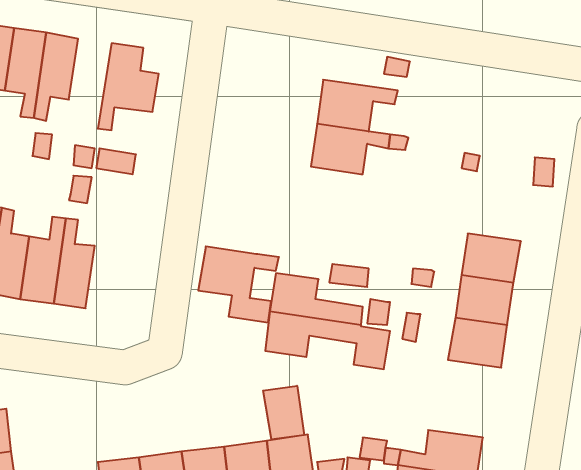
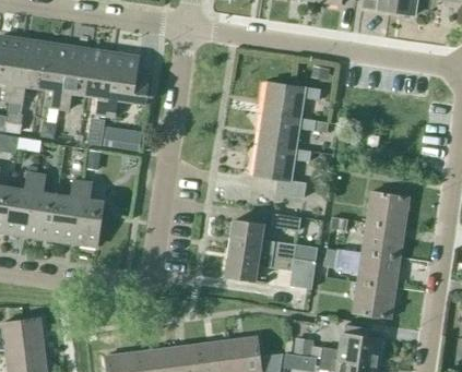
building: none -> [85,51,116,116]
building: [198,246,279,323] -> [253,143,311,197]
building: none -> [353,281,395,317]
building: [263,386,304,440] -> none

